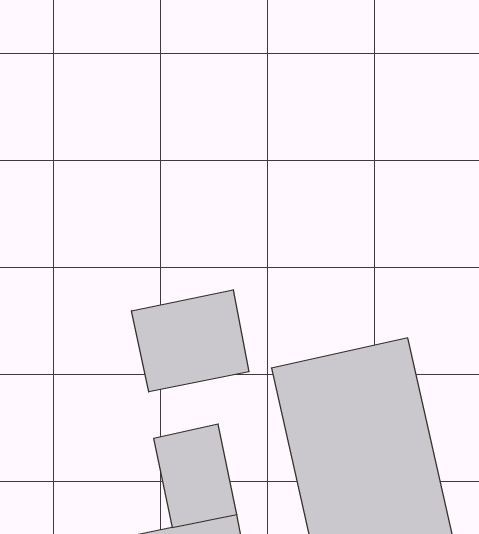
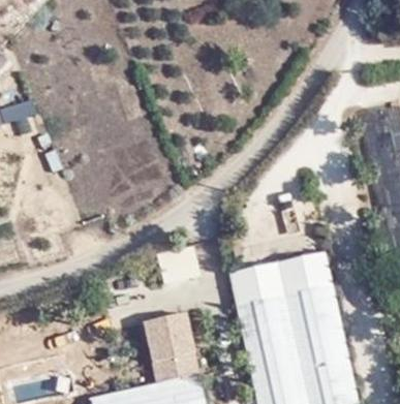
building: [132,290,249,392] -> none

